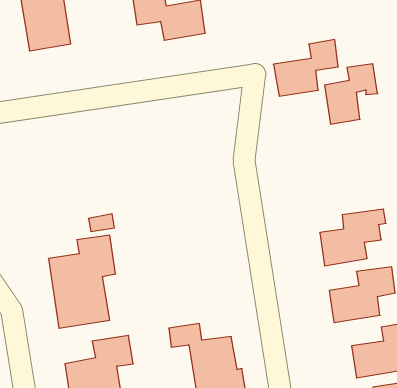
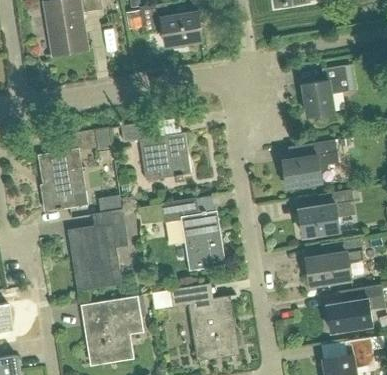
building: [273,40,338,96] -> [283,139,338,187]
building: none -> [121,121,191,181]
building: none -> [39,130,96,211]
building: none -> [161,199,224,269]

